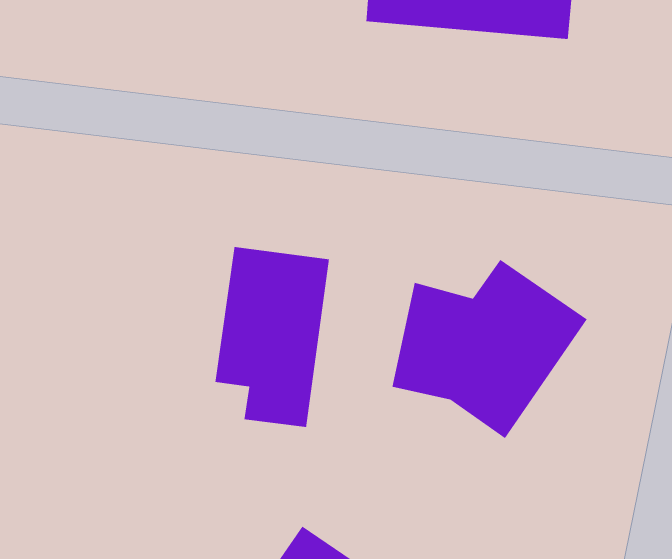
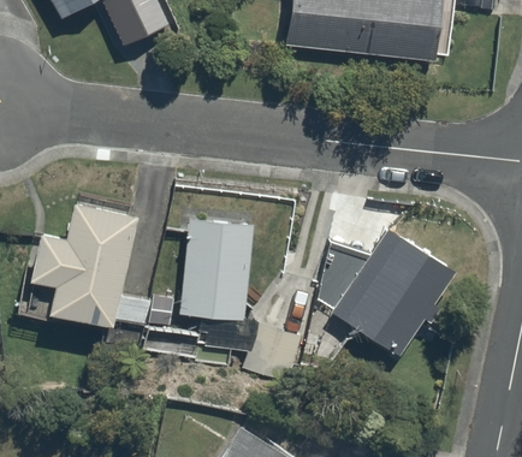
building: none -> [34,203,152,328]

